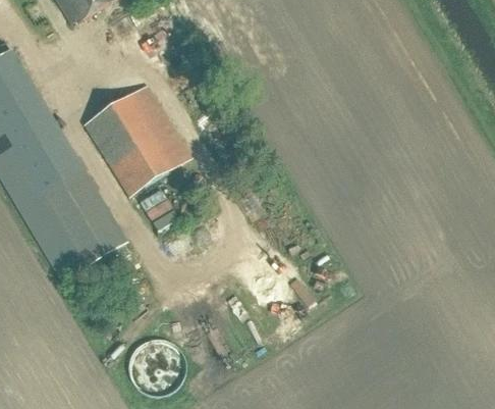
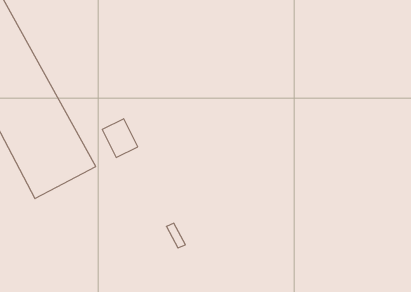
building: [83,82,191,195] -> none

